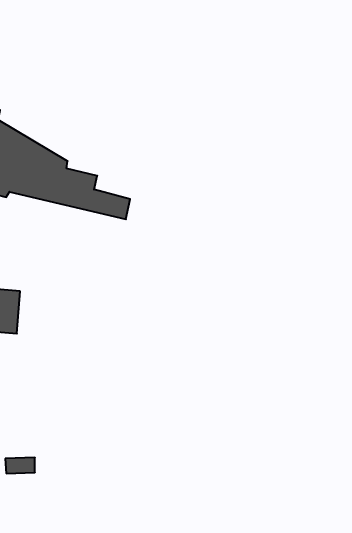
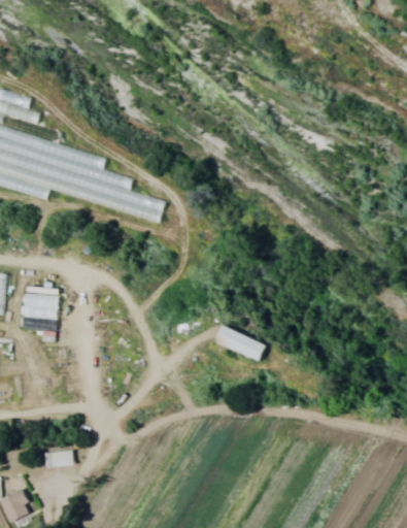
building: none -> [213,328,266,360]

